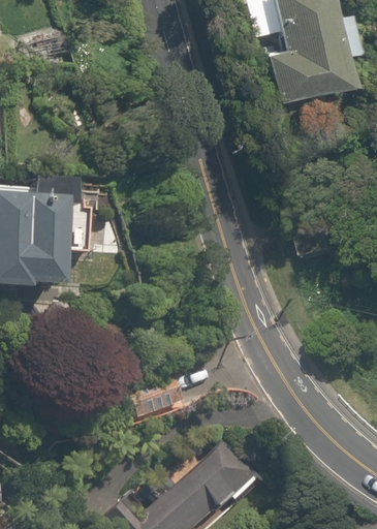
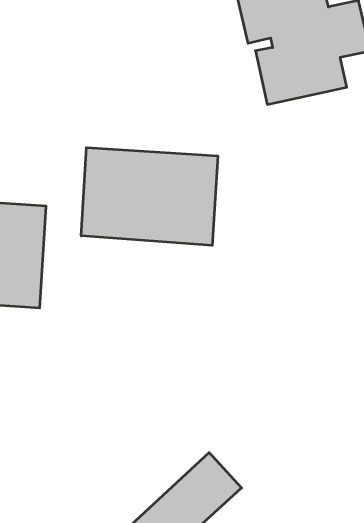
building: none -> [81,148,218,245]

